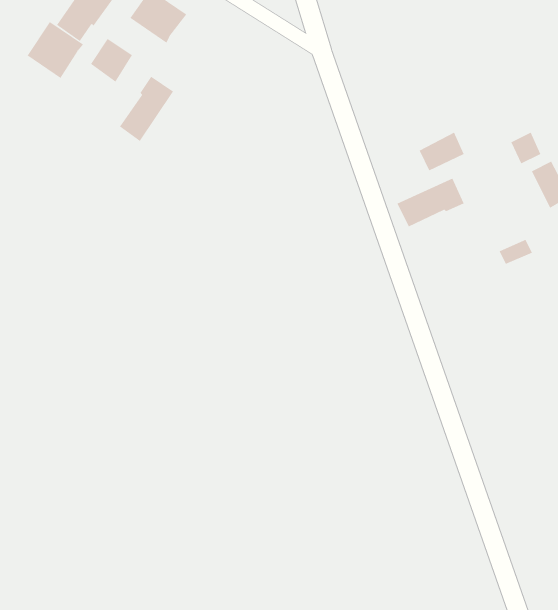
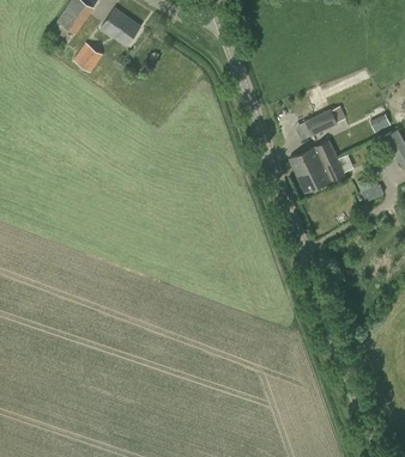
building: [27,21,84,79] -> none
building: [119,76,174,142] -> none
building: none -> [297,159,344,193]

